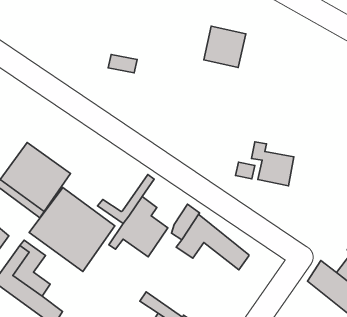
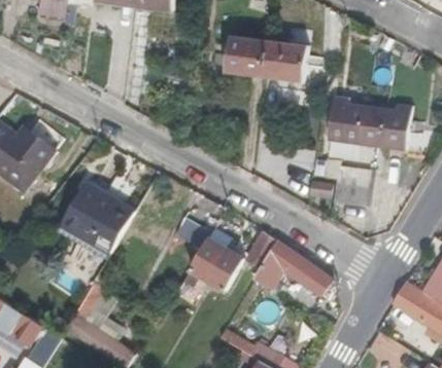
building: none -> [229,37,272,78]
building: none -> [331,99,413,153]
building: [29,187,115,272] -> none

